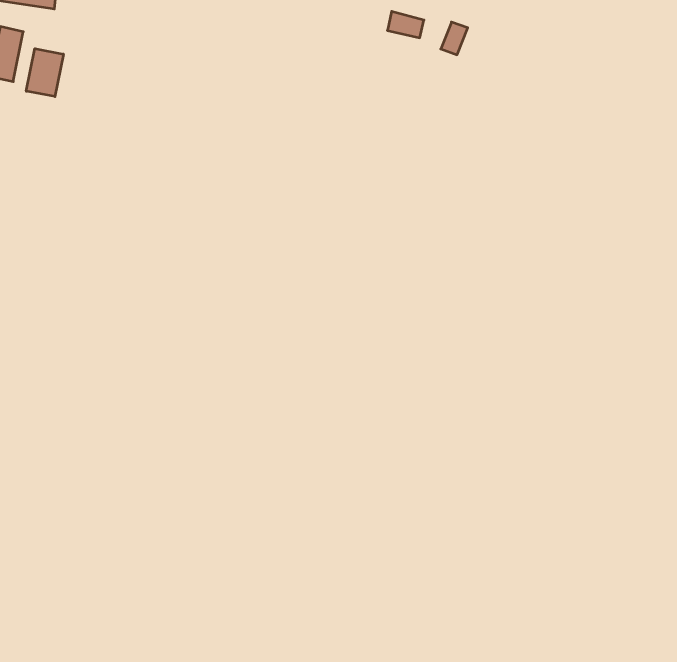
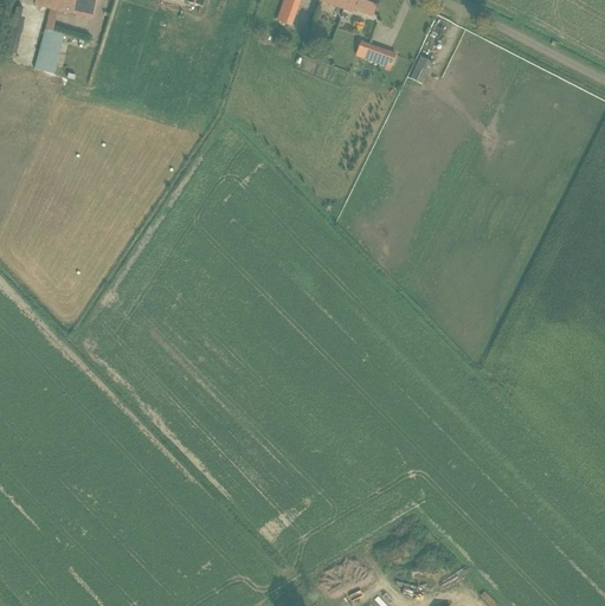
building: [26,49,63,97] -> none

